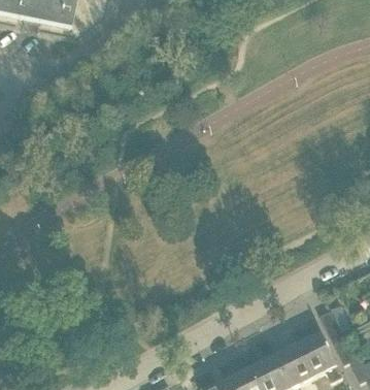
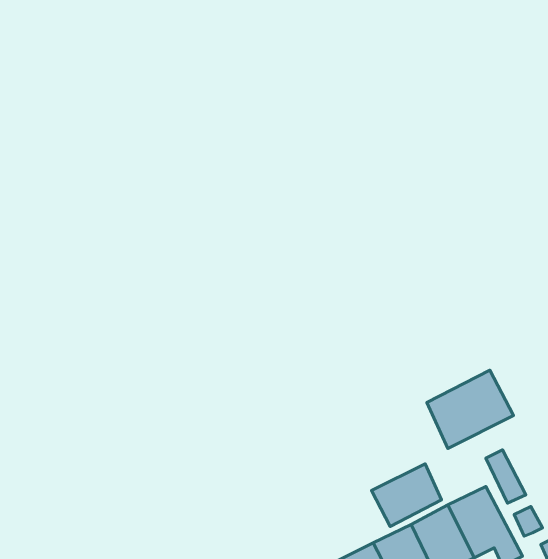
building: none -> [427,370,514,448]
building: none -> [371,464,441,526]

